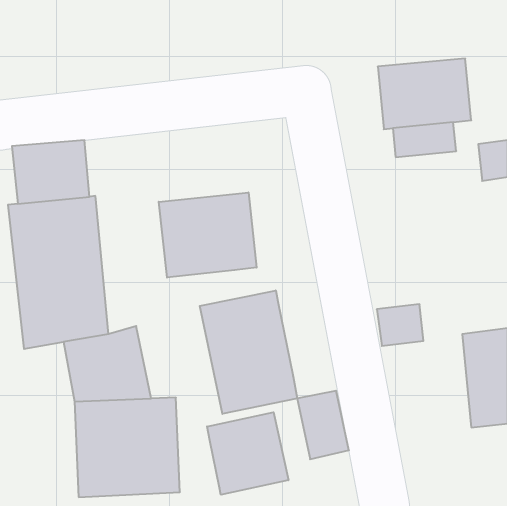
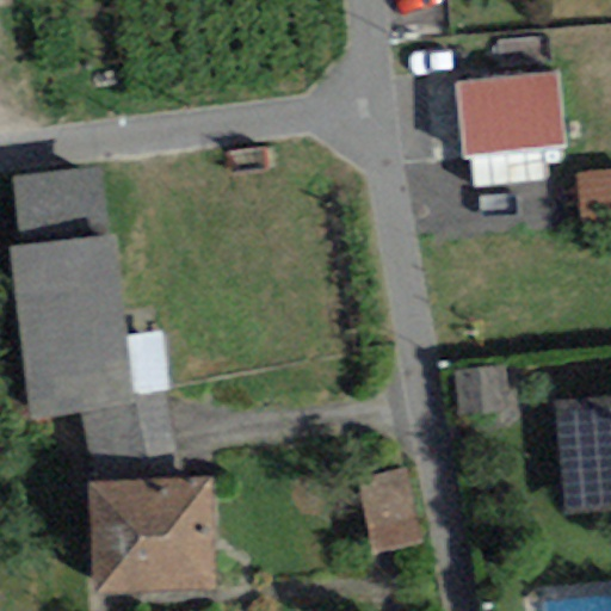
building: [159,192,257,278] -> none
building: [200,290,297,414] -> none
building: [207,412,288,495] -> none

